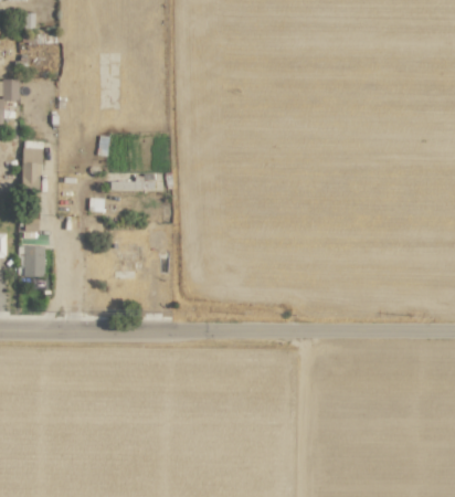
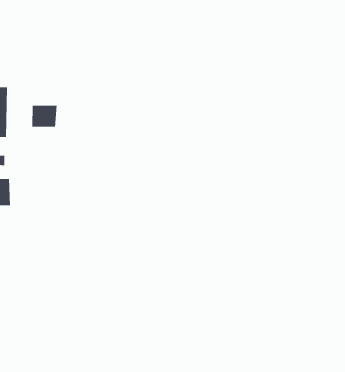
building: none -> [32,105,57,128]

